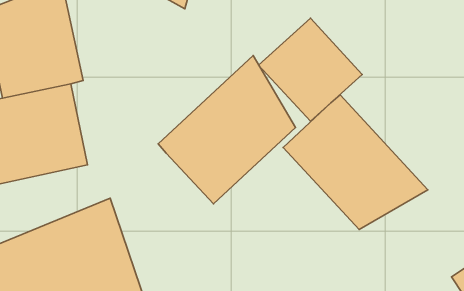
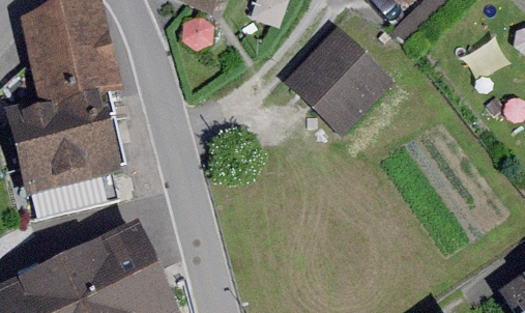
building: [158,56,295,204] -> none
building: [283,95,428,230] -> none

